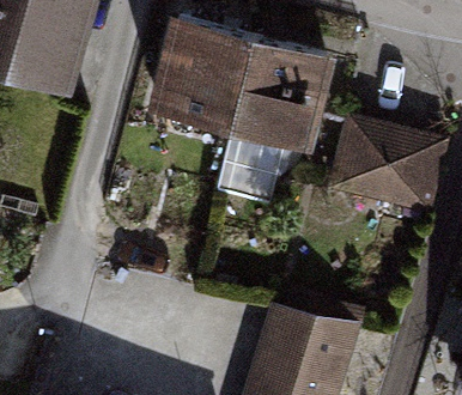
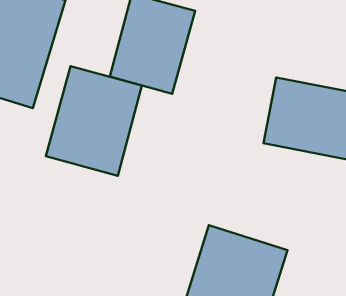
building: [221,30,328,153] -> none
building: none -> [46,66,142,176]

